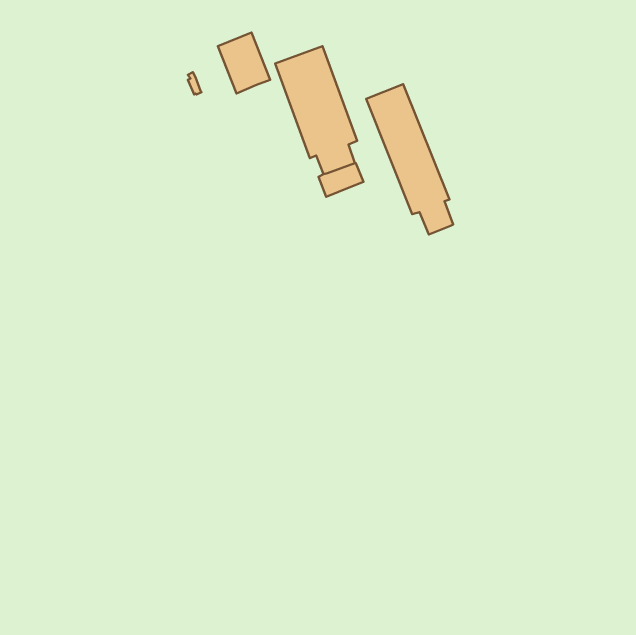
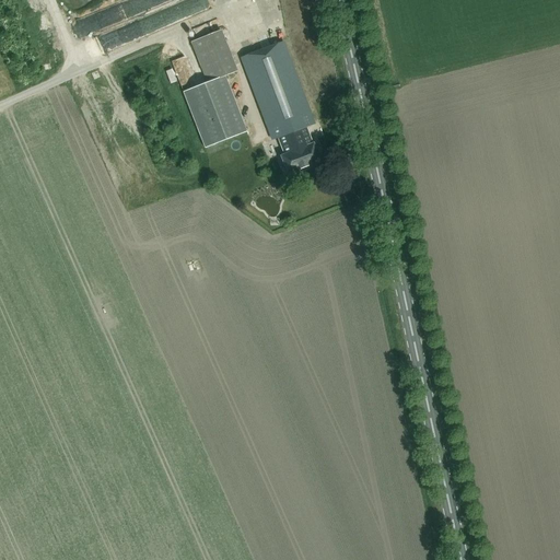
building: [366,84,453,234] -> none
building: none -> [183,74,247,148]

